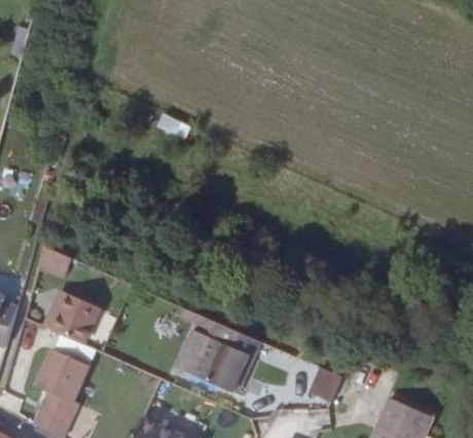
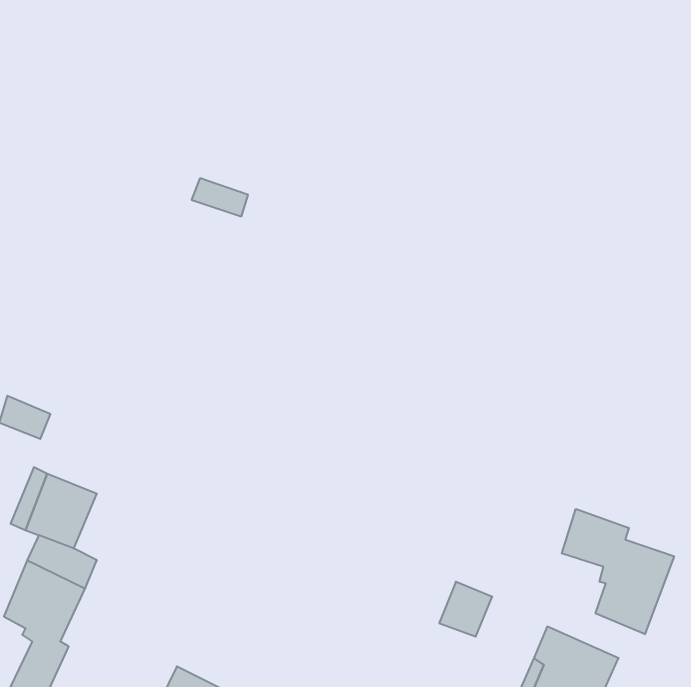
building: none -> [562,509,674,634]
building: [176,329,262,396] -> none

